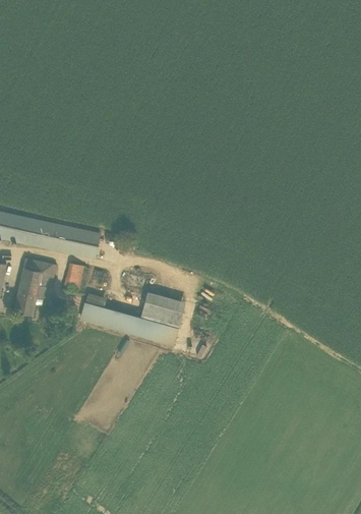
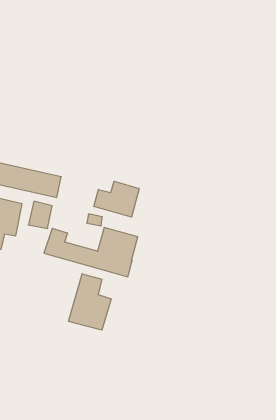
building: none -> [94,181,139,217]
building: none -> [69,274,111,330]

